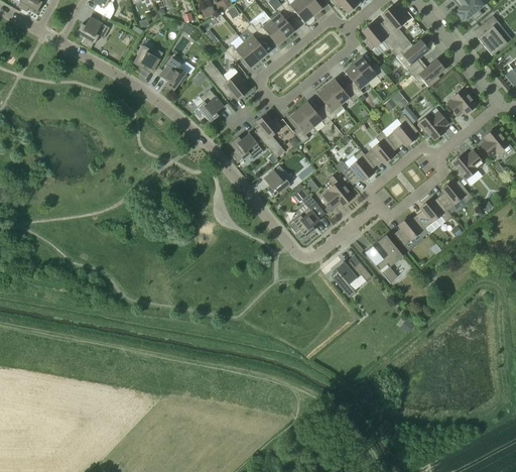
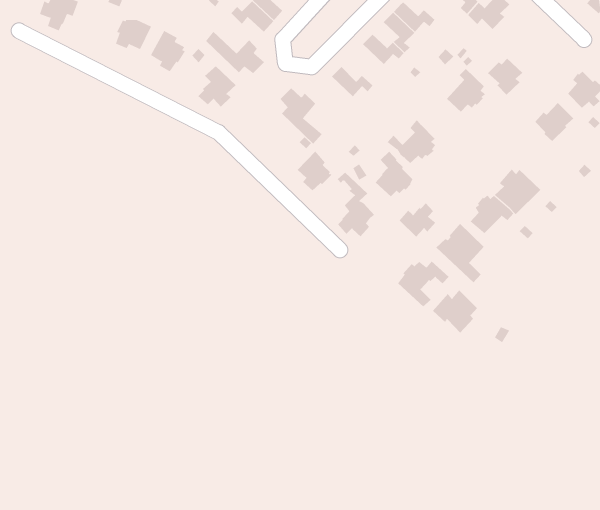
building: [316,86,344,119] -> none
building: [446,87,477,115] -> none
building: [289,108,313,142] -> none
building: [230,132,263,161] -> none
building: [364,132,396,166] -> none
building: [436,180,472,210] -> none
building: none -> [399,203,436,238]
building: none -> [432,289,478,333]

